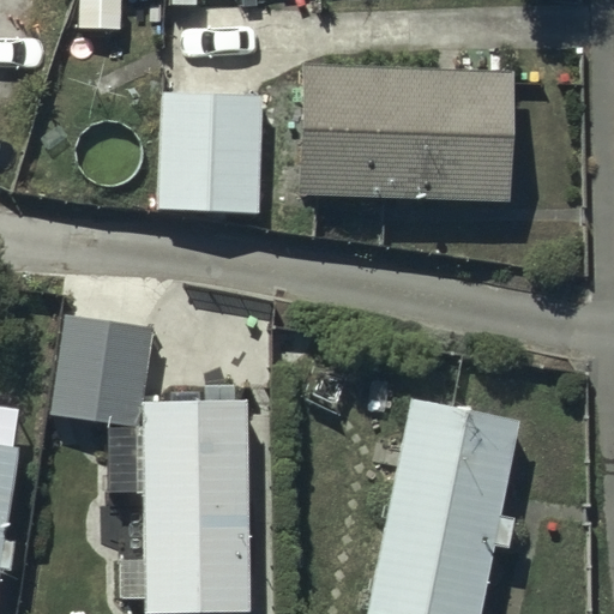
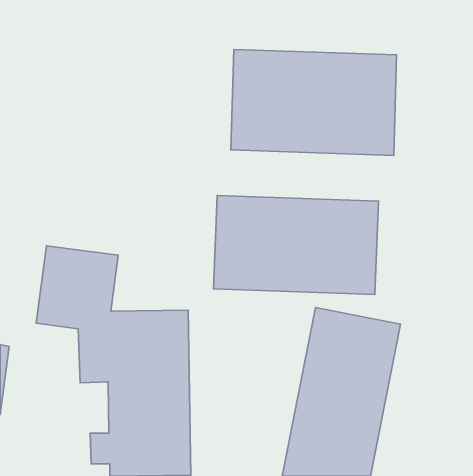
building: [157,92,266,215] -> none
building: none -> [213,196,379,294]

